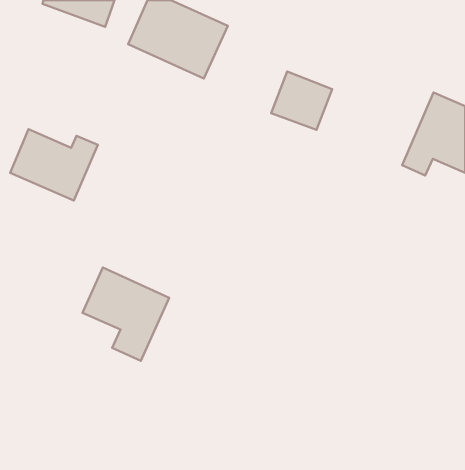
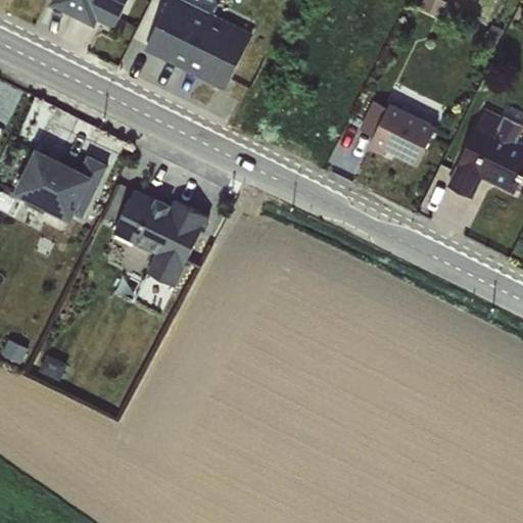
building: [271,72,332,130] -> [367,101,434,165]
building: [83,268,169,361] -> [111,182,207,285]

